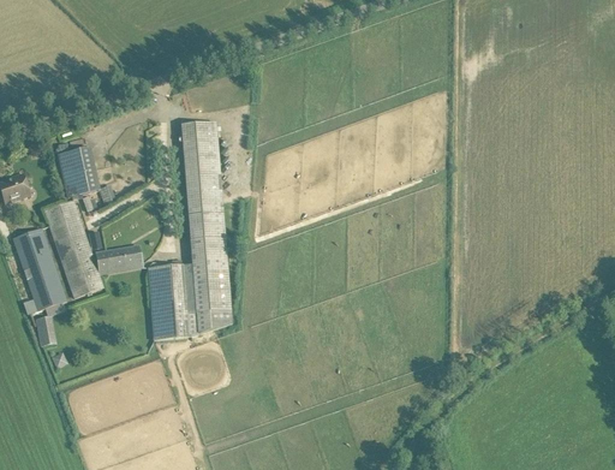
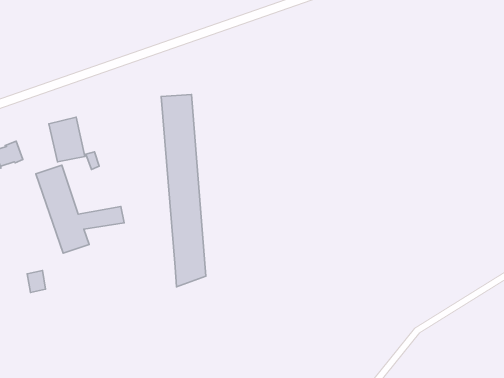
building: [11,228,66,311] -> none
building: [148,264,198,340] -> none

